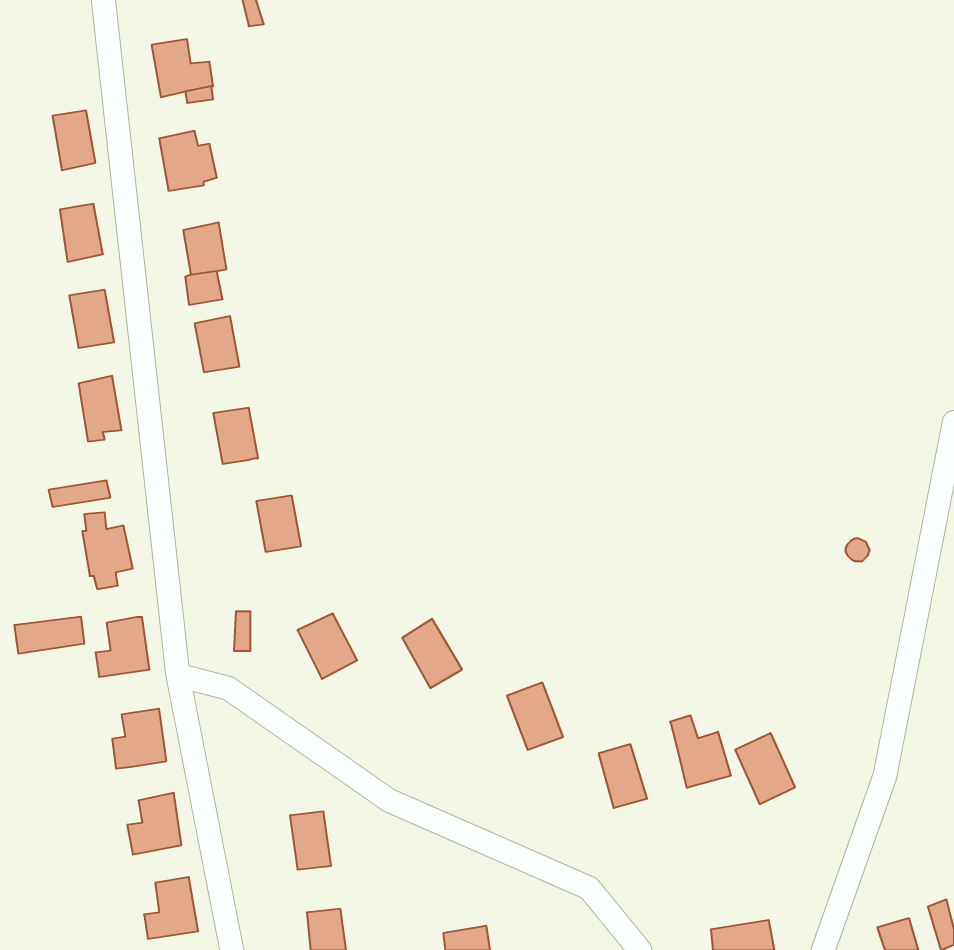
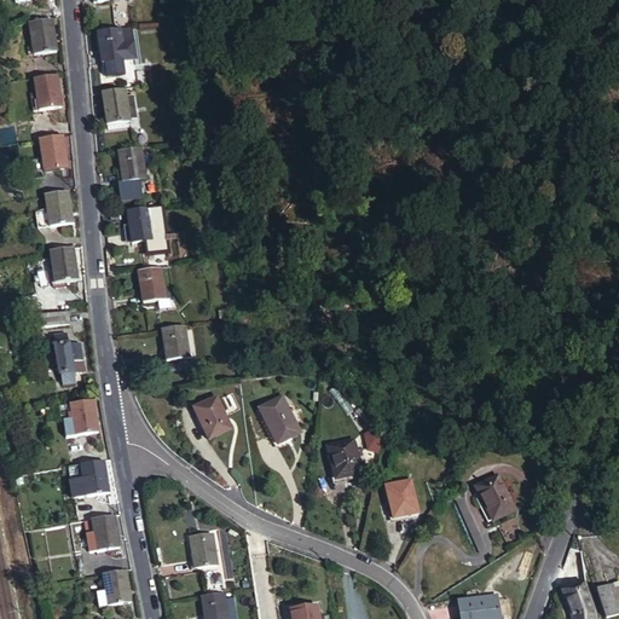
building: none -> [29,15,58,53]
building: [14,617,84,654] -> none
building: [670,715,731,788] -> none

